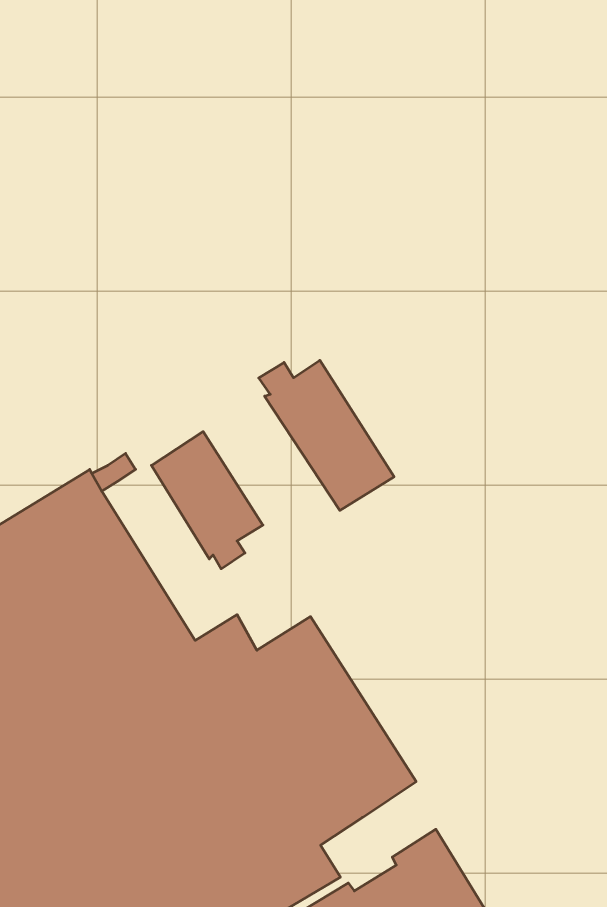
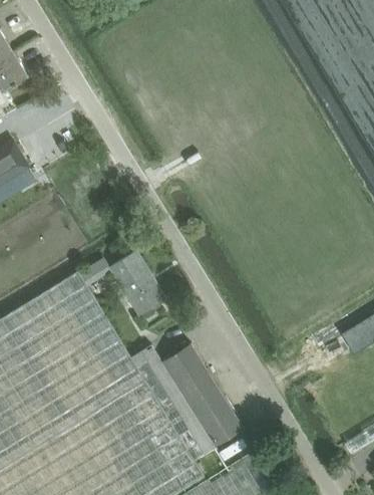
building: [259,360,394,510] -> none

